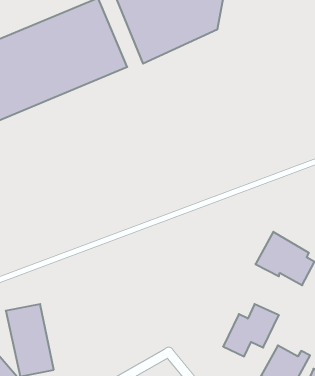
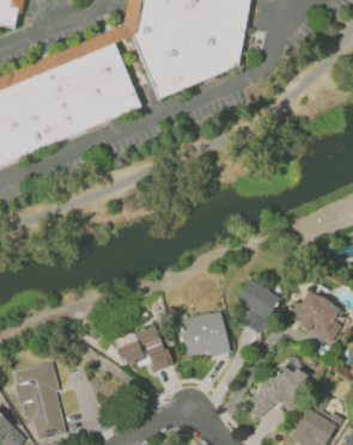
building: none -> [236,280,280,335]
building: none -> [178,310,230,356]
building: none -> [105,327,170,373]

